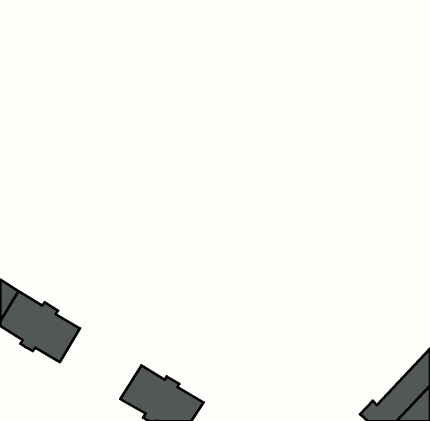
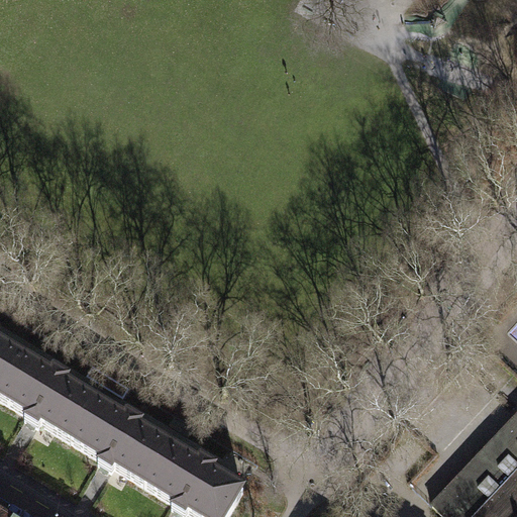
building: none -> [72,394,170,479]

